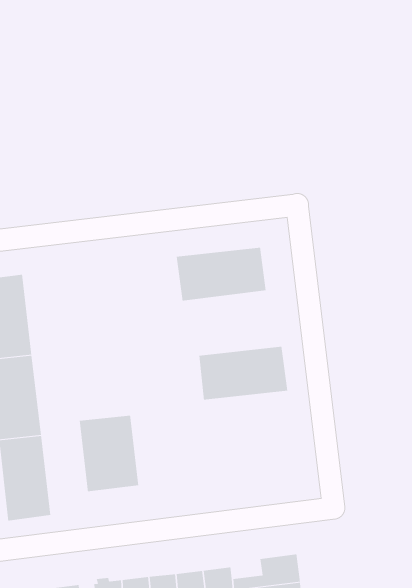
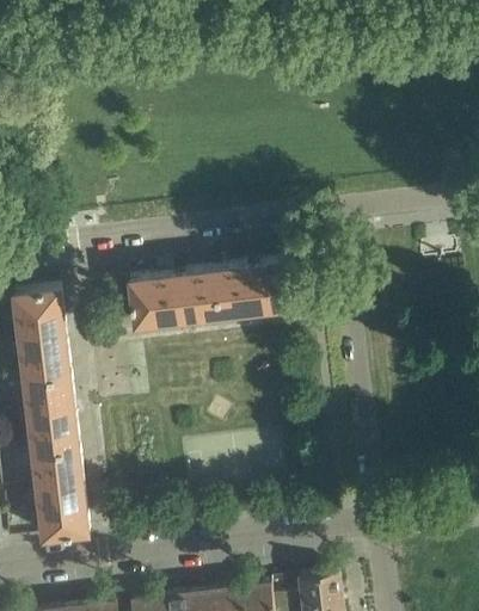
building: [199,346,288,400] -> [129,273,220,328]
building: [79,415,139,492] -> none

